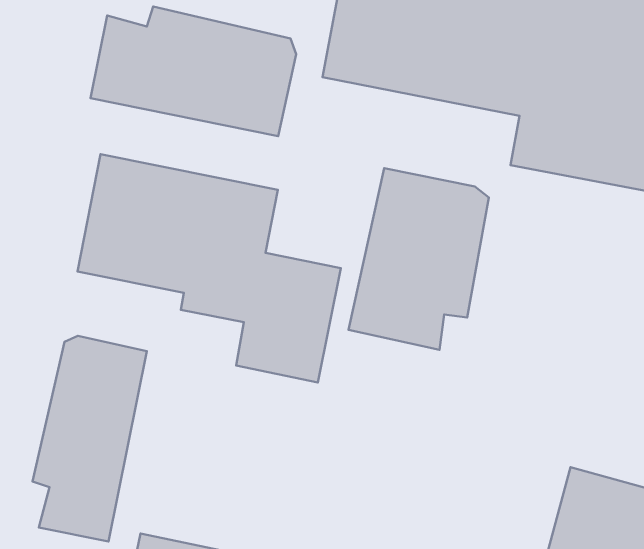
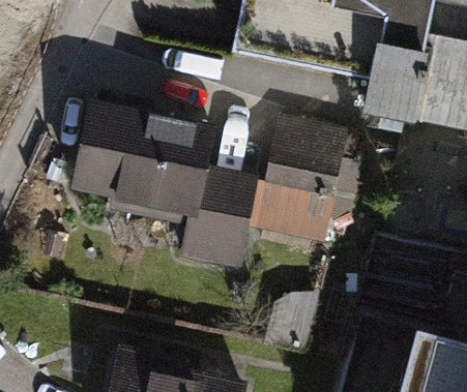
building: [91,6,296,136] -> none
building: [33,336,147,542] -> none

